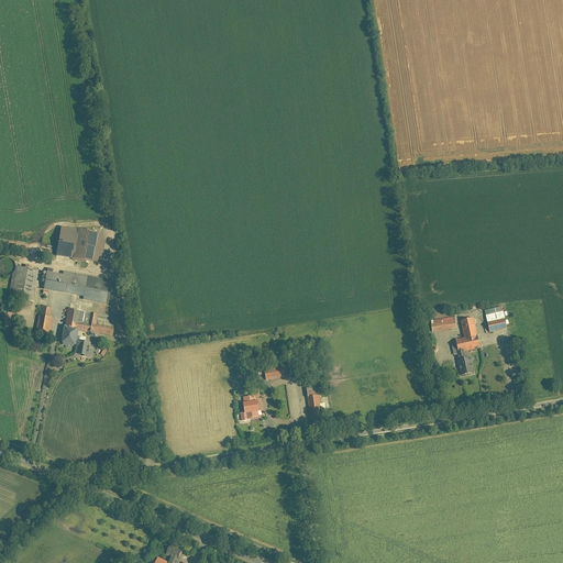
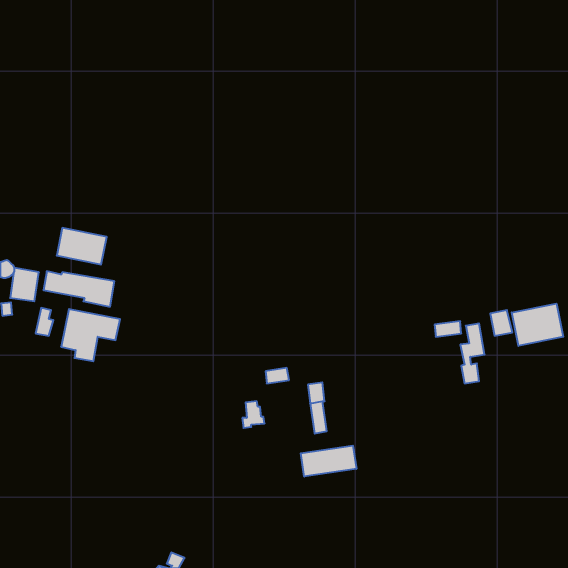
building: none -> [512,304,563,346]
building: none -> [301,446,356,477]

